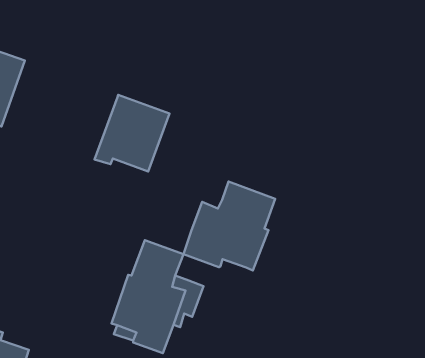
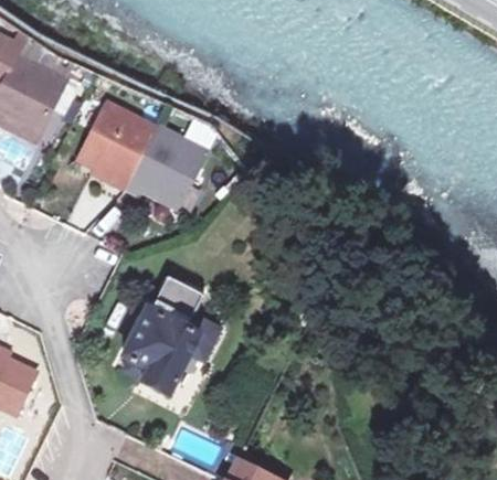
building: none -> [78,102,156,188]
building: [183,182,275,270] -> none

